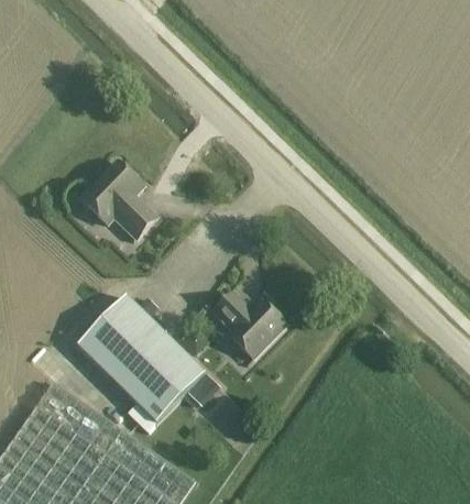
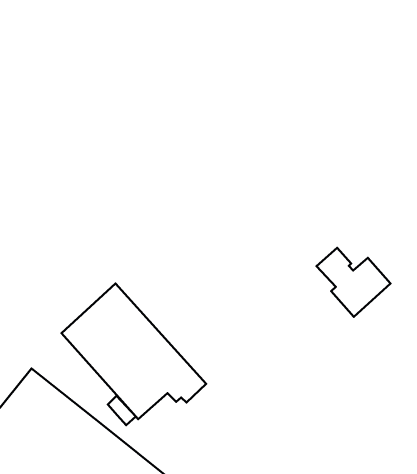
building: [83,163,157,241] -> none
building: [216,295,287,360] -> [316,248,391,317]

